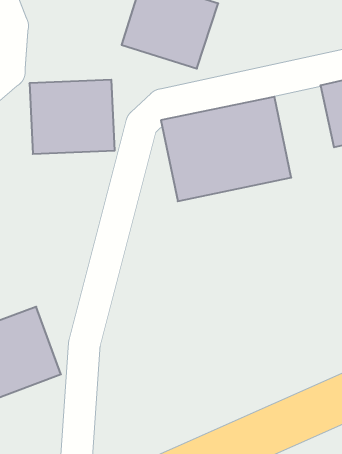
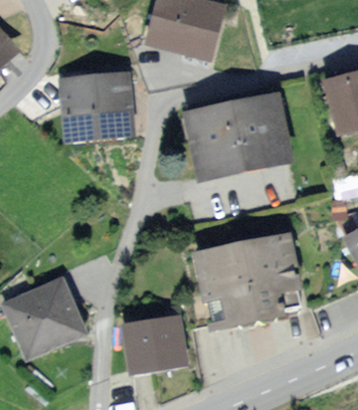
building: none -> [190,234,300,329]
building: none -> [118,315,186,373]

